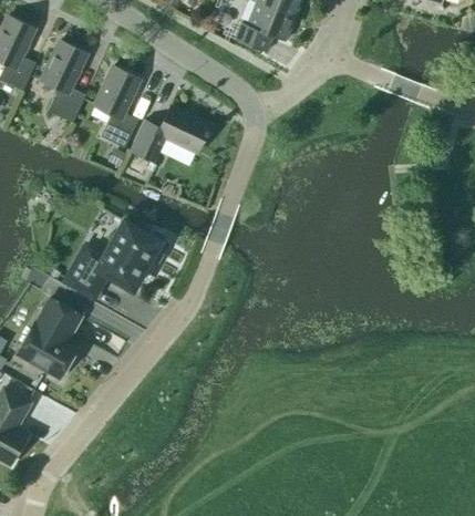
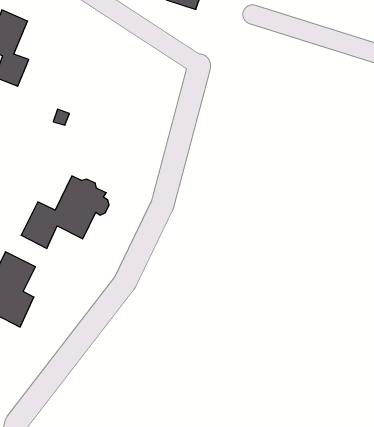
building: [94,65,140,147] -> none
building: [130,106,210,162] -> none

